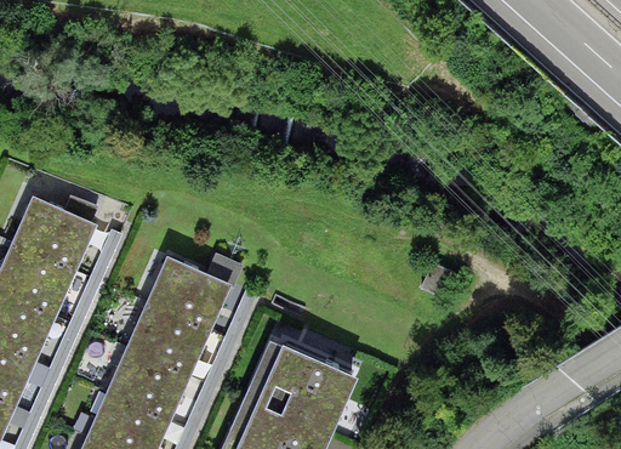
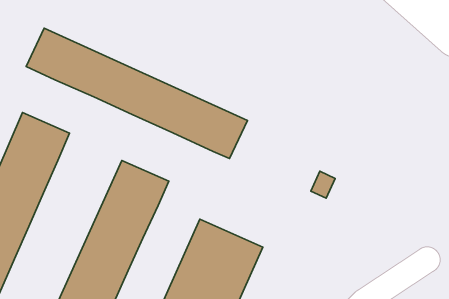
building: none -> [26,28,247,159]

